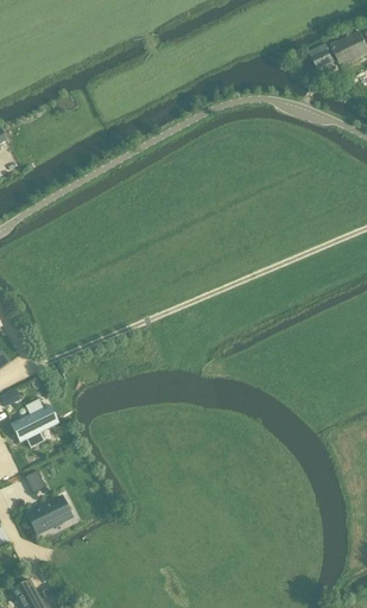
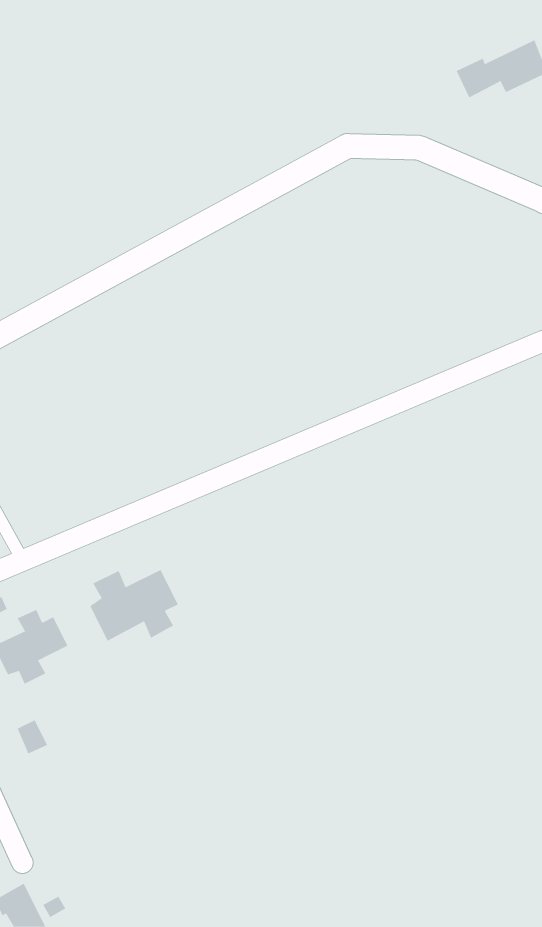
building: none -> [90,569,179,641]
building: [26,496,71,533] -> none

